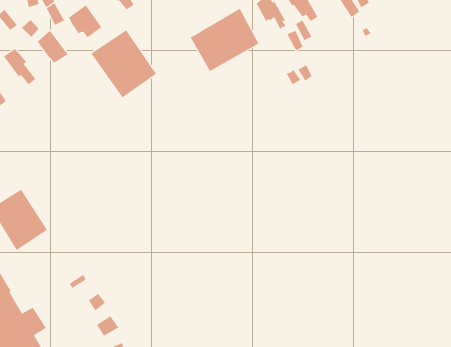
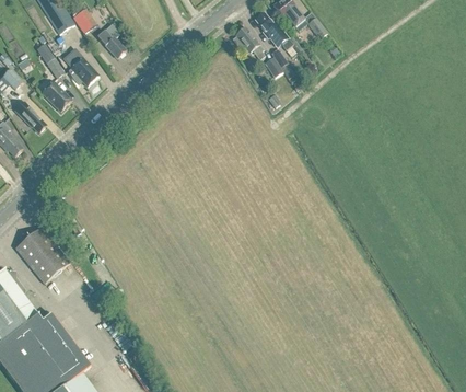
building: [190,8,259,72] -> none
building: [90,30,157,98] -> none

